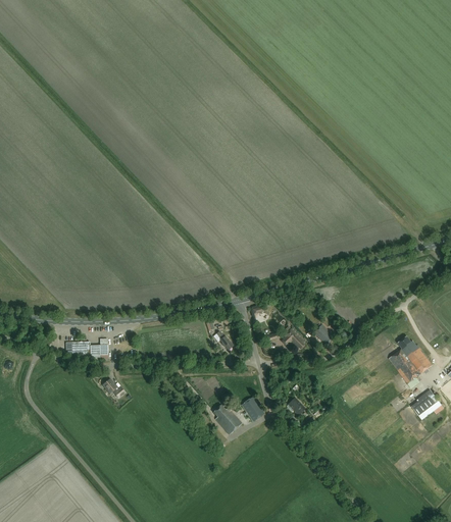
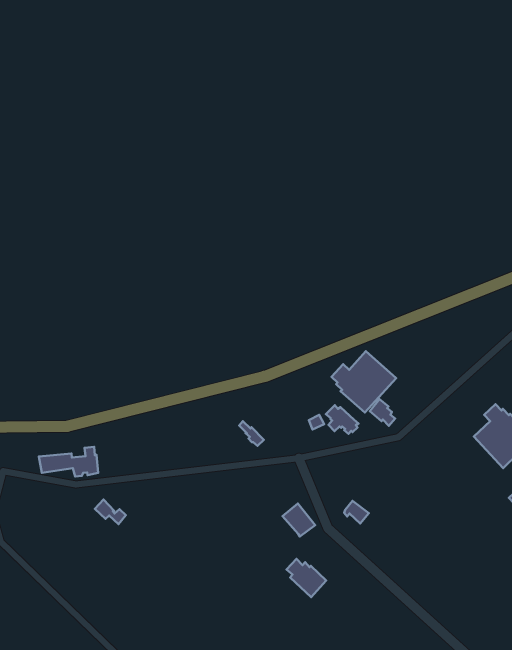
building: none -> [332,351,396,412]
building: [212,405,241,434] -> [286,559,326,597]

